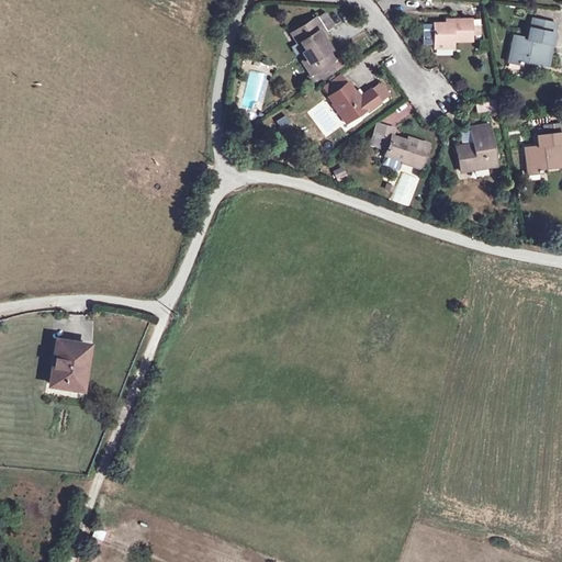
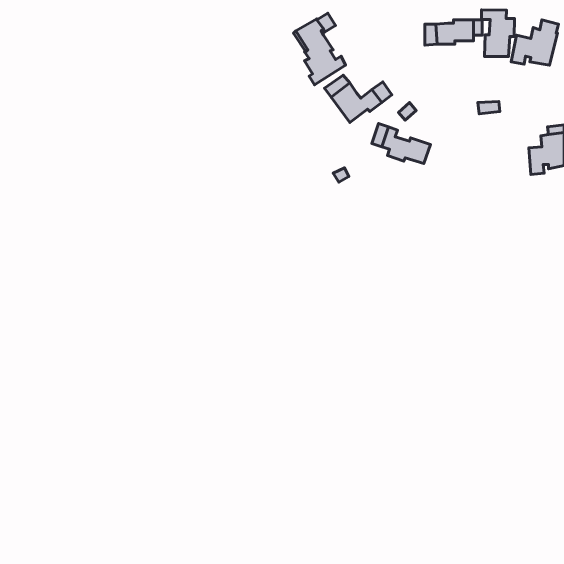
building: none -> [481,10,514,56]
building: [457,124,496,168] -> none
building: [50,340,85,389] -> none

